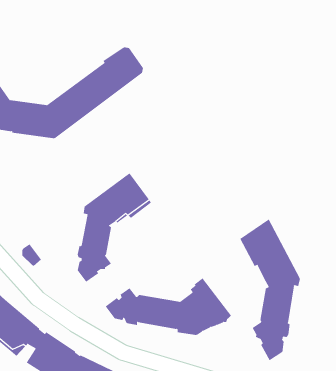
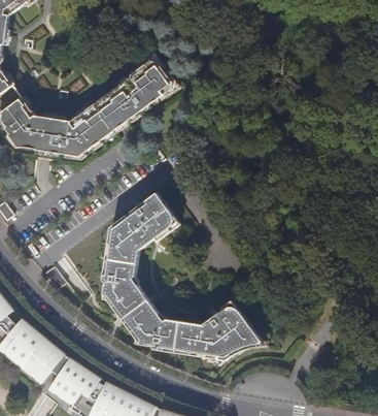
building: [239,218,300,361] -> none
building: none -> [111,286,157,330]

